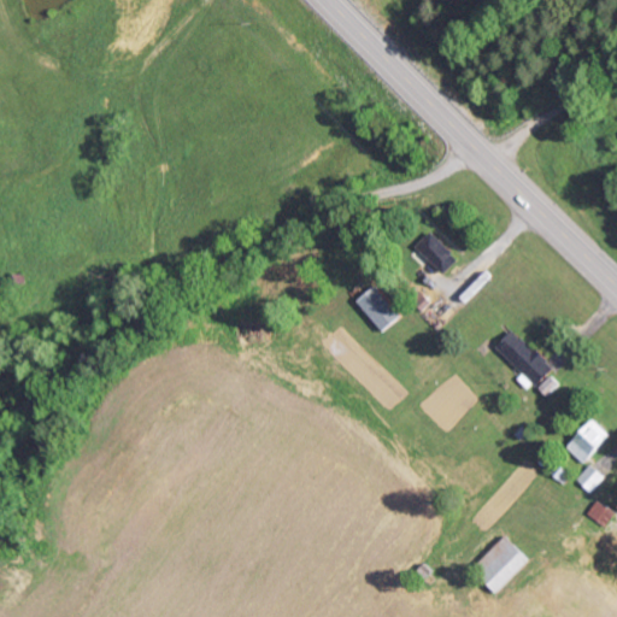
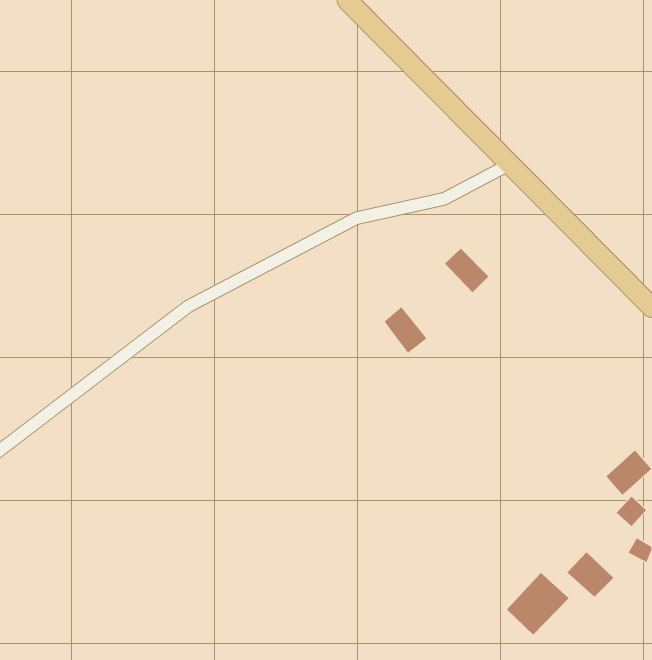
building: [493,329,556,392] -> none
building: none -> [567,551,614,598]

